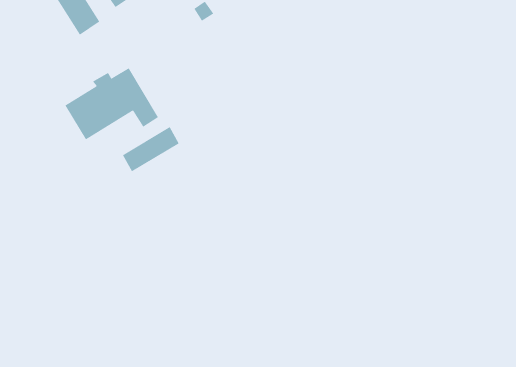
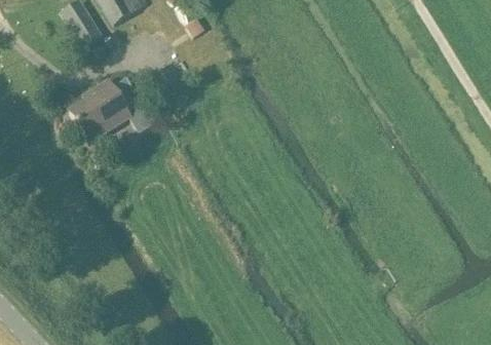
building: [122,126,179,172] -> none

